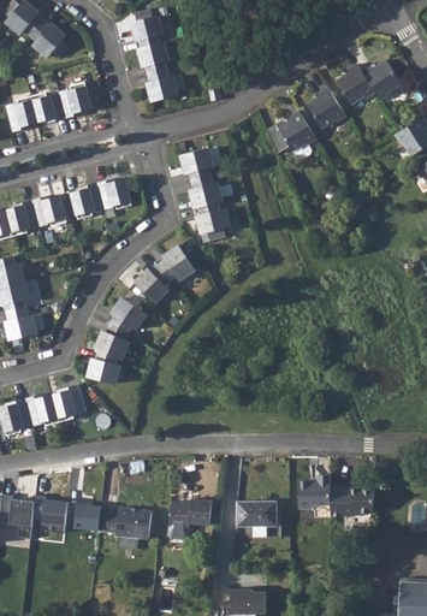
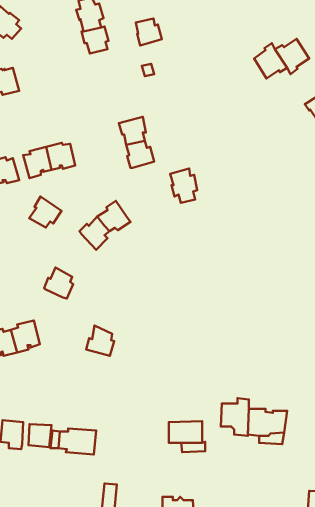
building: [148,70,178,101] -> [136,18,162,45]
building: [59,82,91,118] -> none
building: [308,87,348,128] -> none
building: [269,109,318,158] -> none
building: [197,201,229,241] -> [170,168,197,203]
building: [108,297,146,333] -> [29,196,61,228]
building: [87,348,119,383] -> [86,326,114,356]
building: [168,499,213,540] -> none

